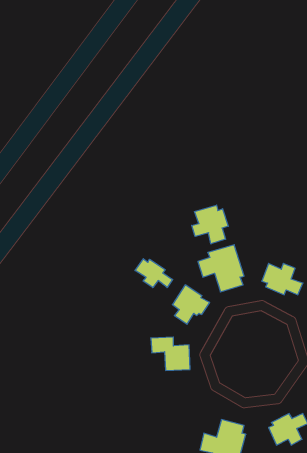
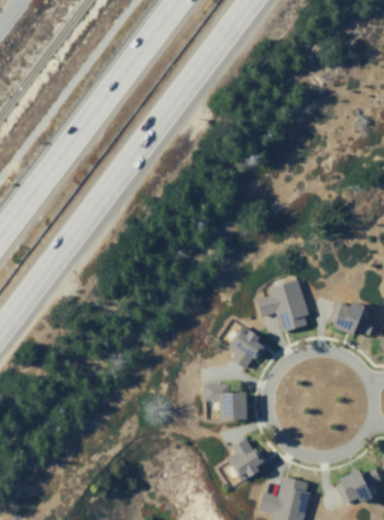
building: [192,205,228,244] -> none
building: [135,259,173,288] -> none
building: none -> [228,437,270,481]

